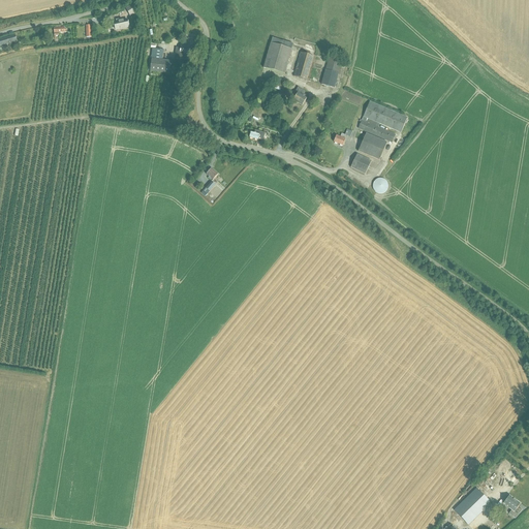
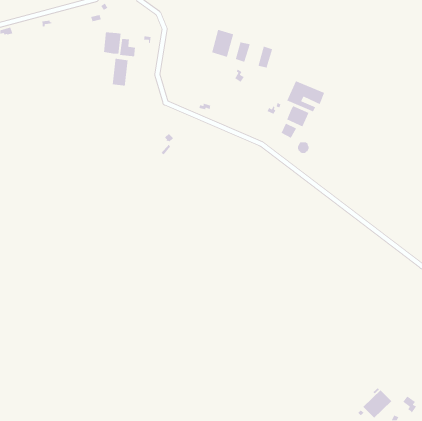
building: none -> [103,31,122,54]
building: none -> [112,58,128,87]

